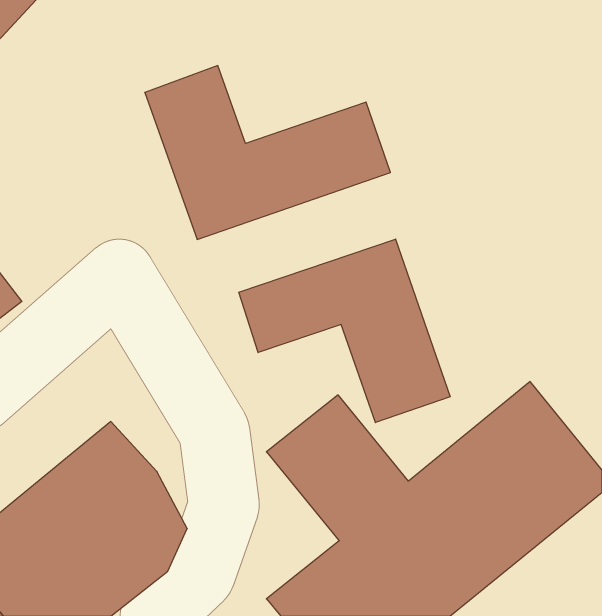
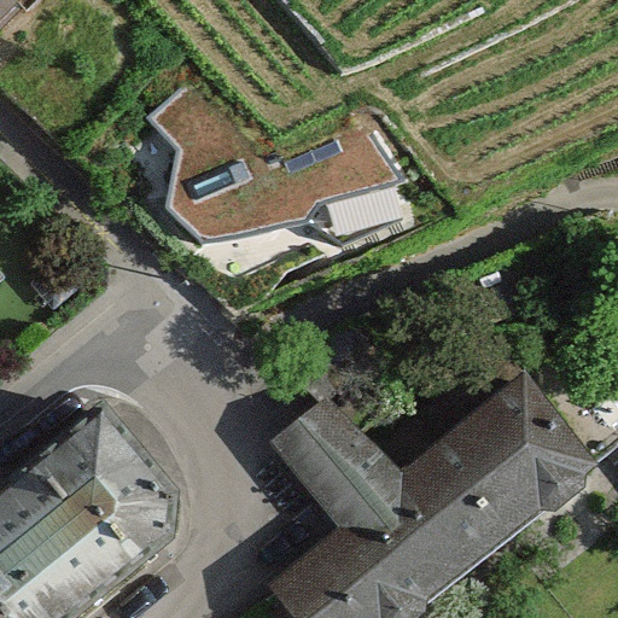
building: [239,239,450,423] -> none

